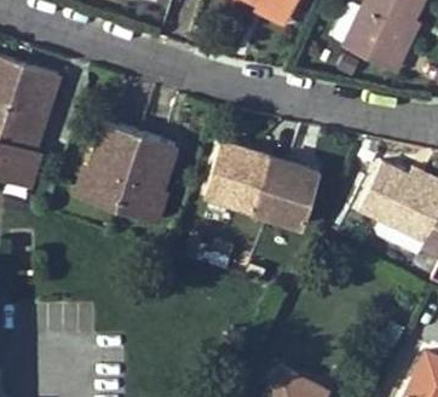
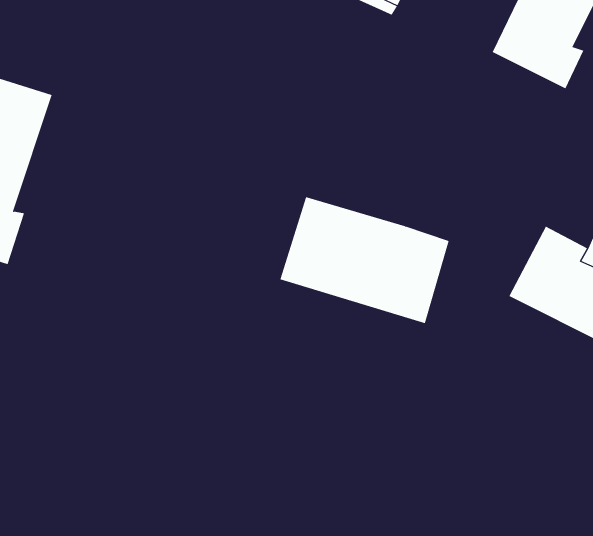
building: [79,121,177,220] -> none

